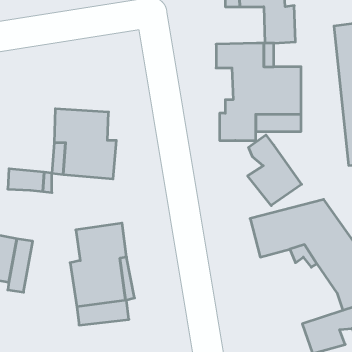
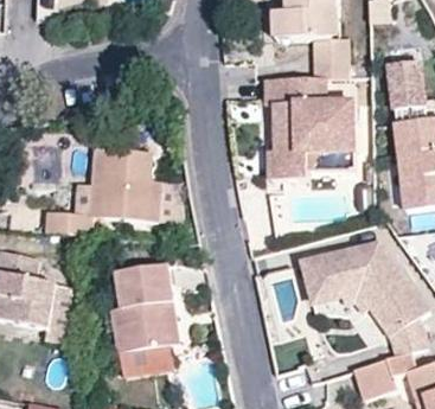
building: [248,135,302,206] -> none

